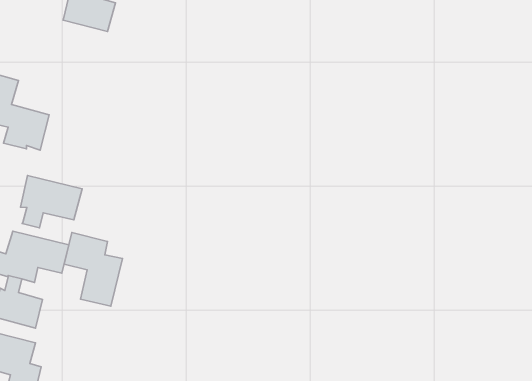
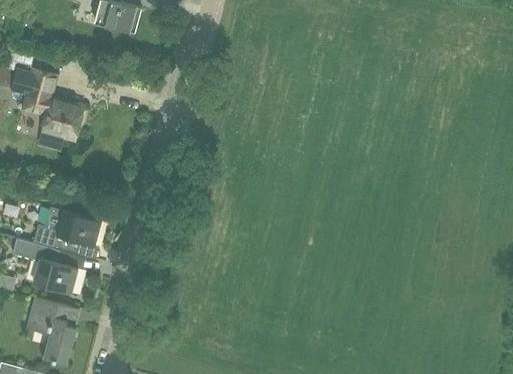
building: [20,175,82,228] -> none
building: [64,232,122,306] -> none

